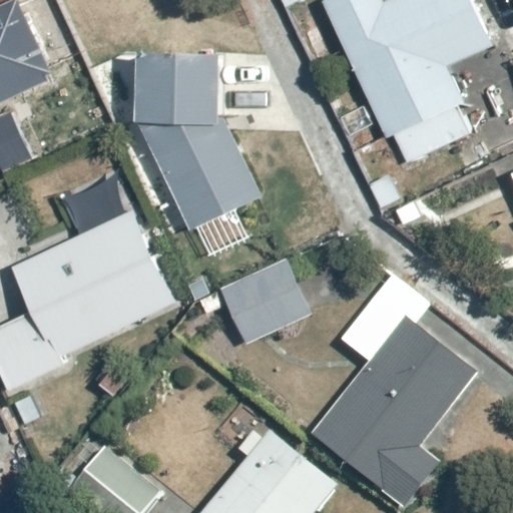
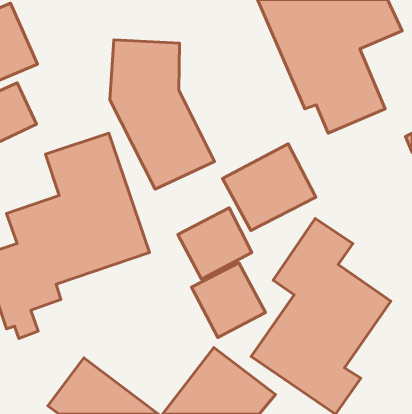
building: none -> [222,144,316,231]
building: none -> [191,263,265,338]

